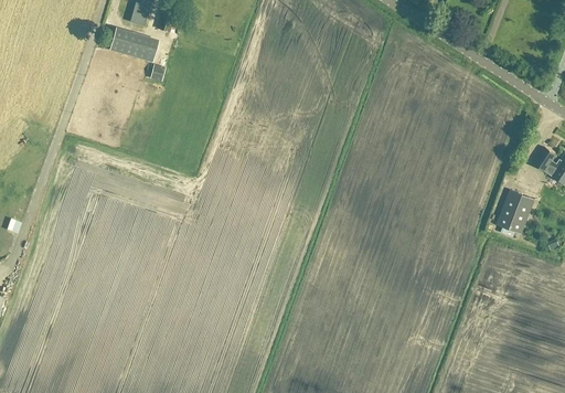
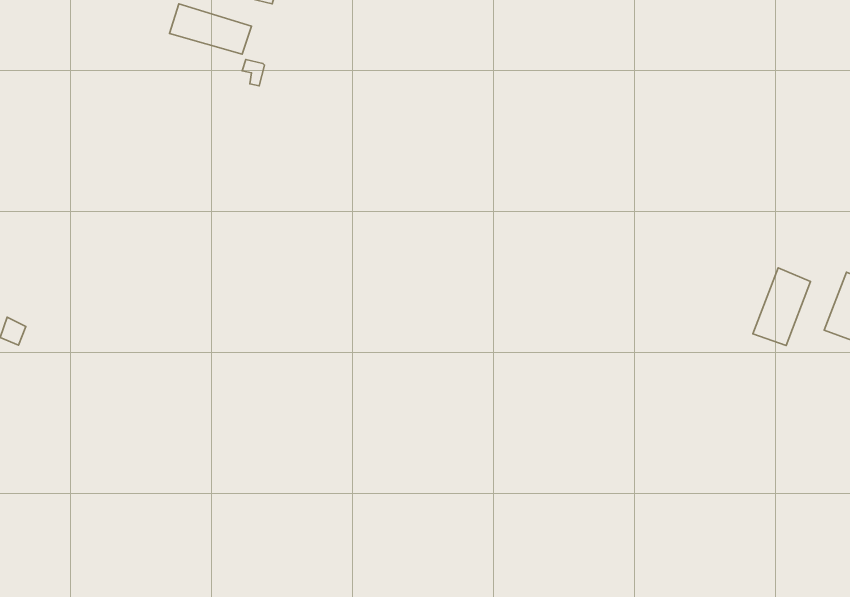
building: none -> [753,268,810,346]

